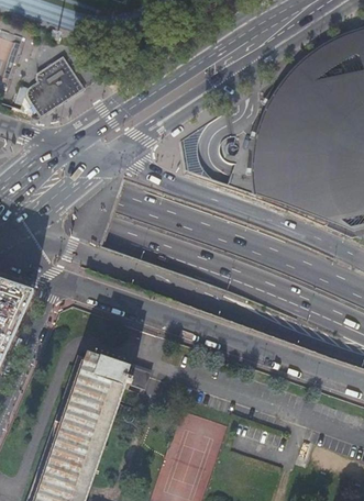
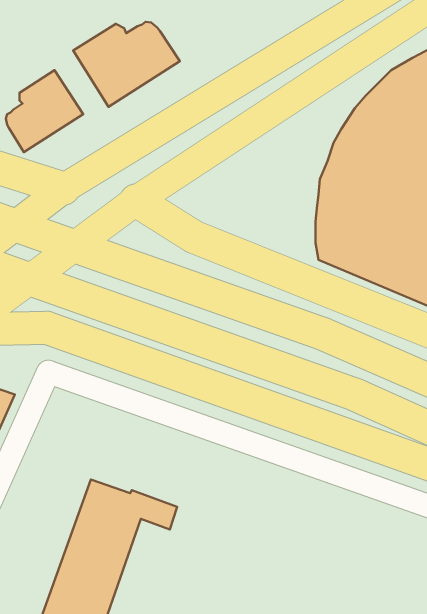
building: none -> [73,22,180,107]

